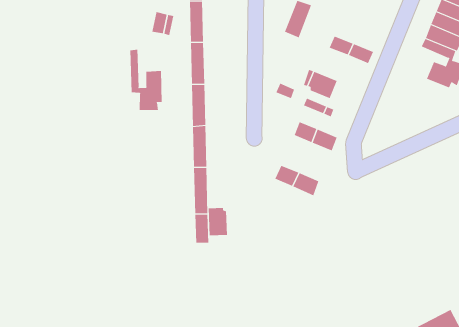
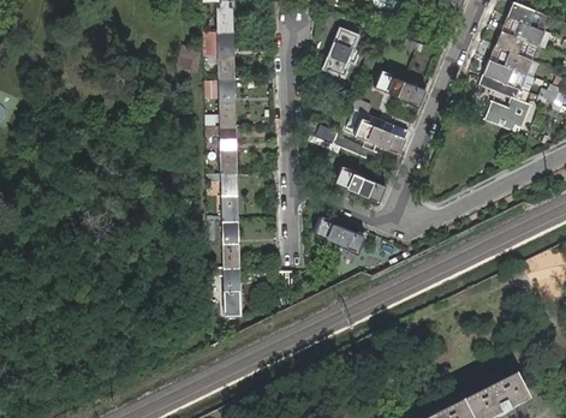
building: [130,49,162,111] -> none
building: none -> [376,121,407,151]
building: [208,207,228,236] -> none

